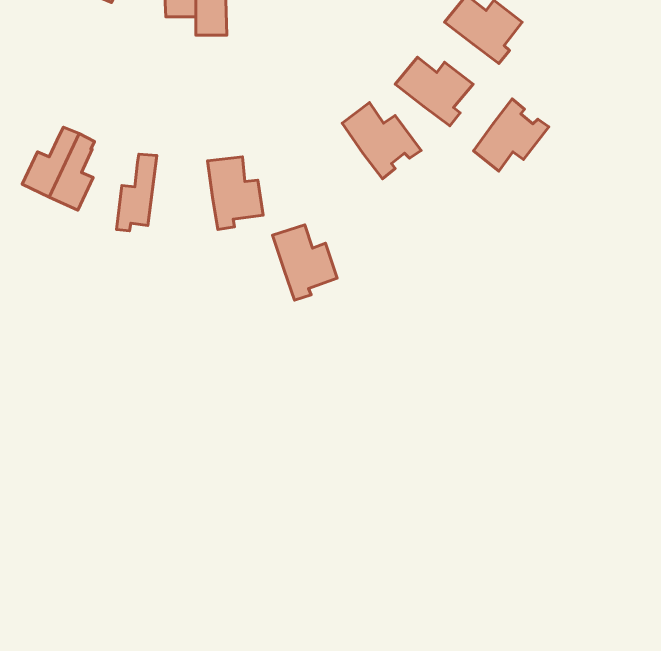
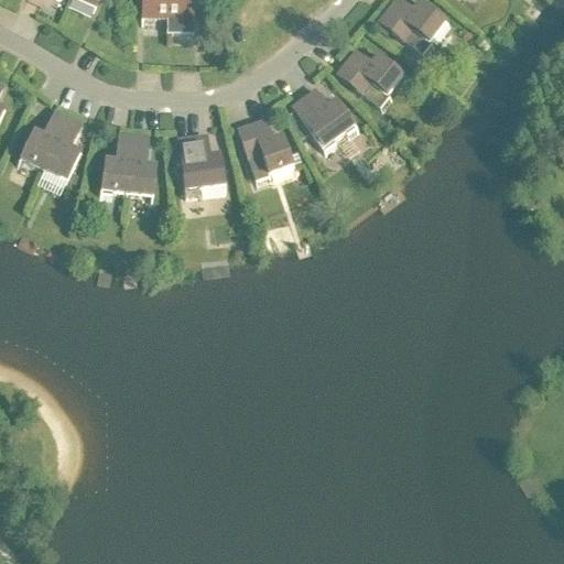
building: [473,99,549,171] -> none
building: none -> [127,132,156,195]
building: [272,225,337,300] -> [238,118,293,182]

